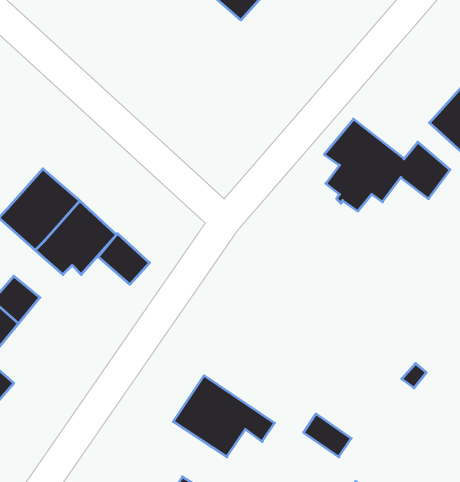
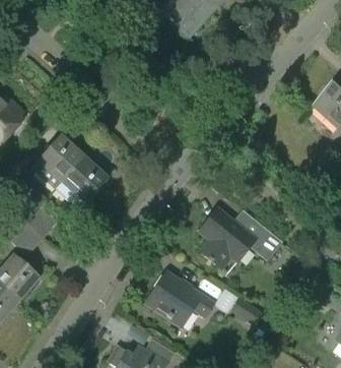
building: [324,119,450,211] -> [198,208,281,269]
building: [98,234,150,284] -> none

